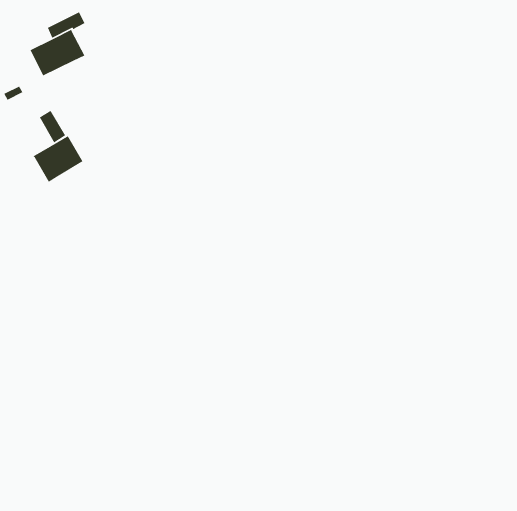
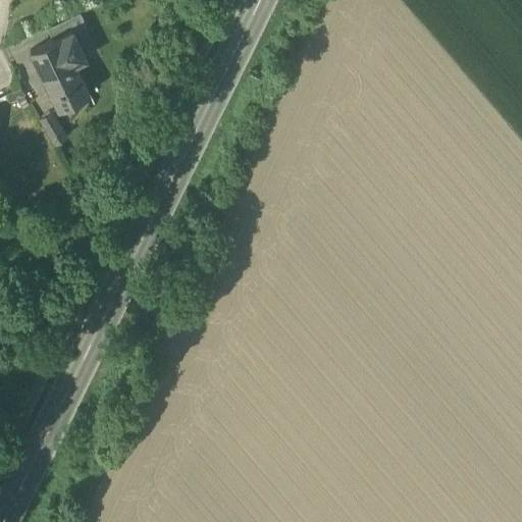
building: none -> [46,70,93,117]
building: [32,135,83,183] -> none

